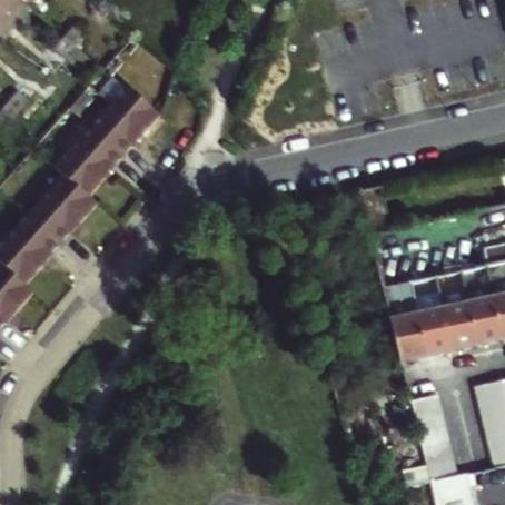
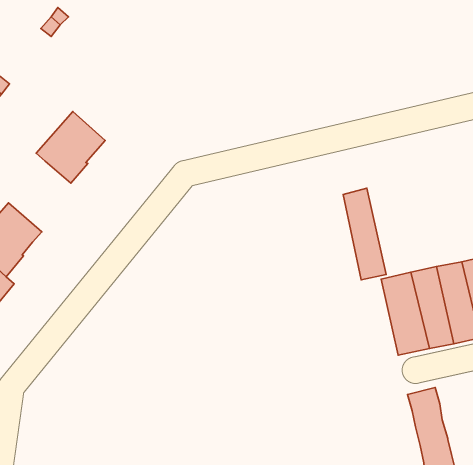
building: [88,86,156,155] -> none
building: [26,175,95,242] -> none
building: none -> [343,188,386,280]

